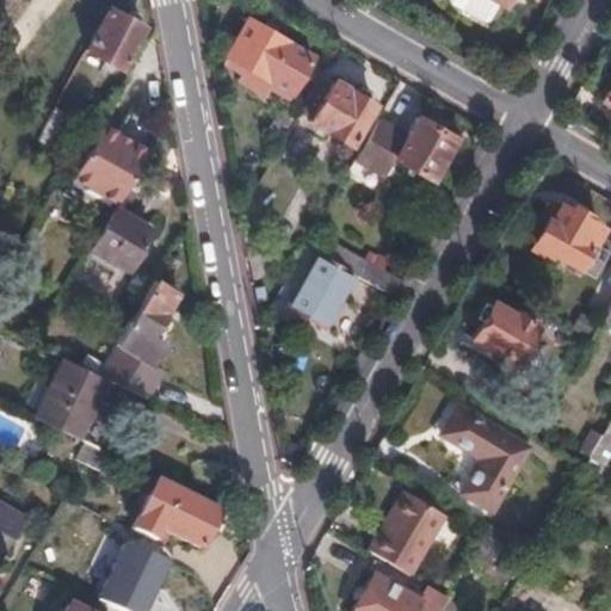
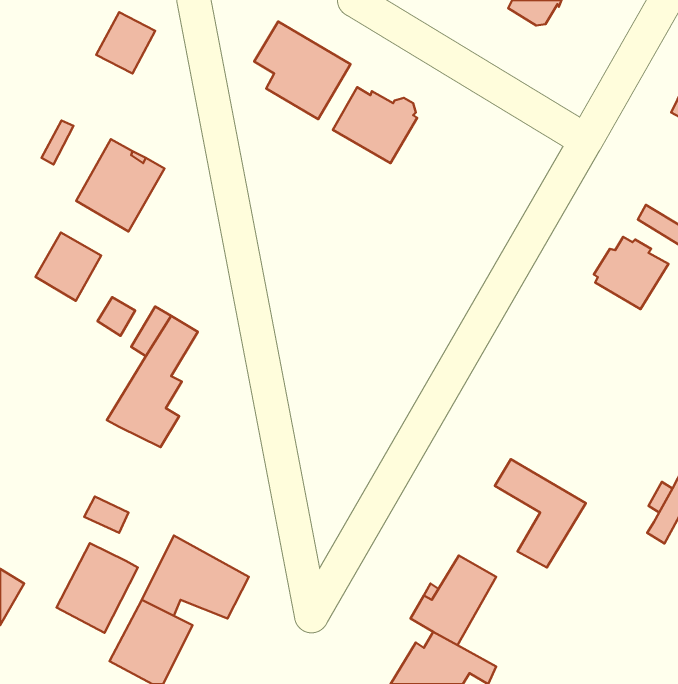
building: [354,119,458,184] -> none
building: [95,209,154,270] -> [36,233,101,301]
building: [295,241,406,325] -> none
building: [474,304,537,371] -> none
building: [38,359,111,439] -> [56,543,138,633]

